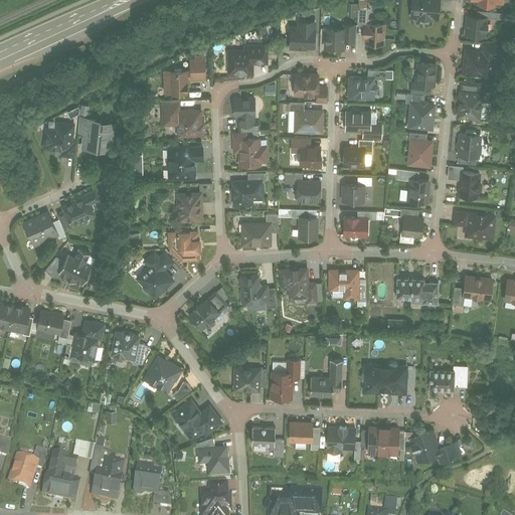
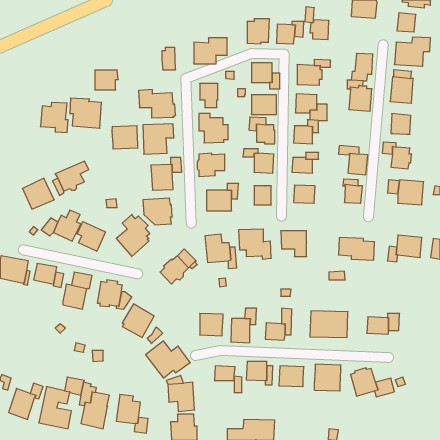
building: [163,70,190,94] -> [95,70,118,90]
building: [406,139,434,168] -> none
building: none -> [112,126,138,149]
building: none -> [77,222,106,251]

